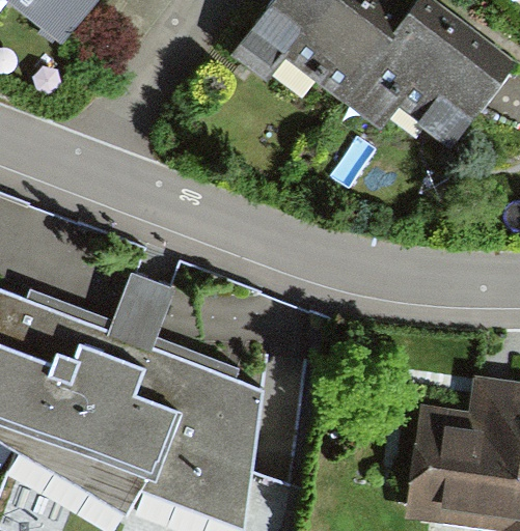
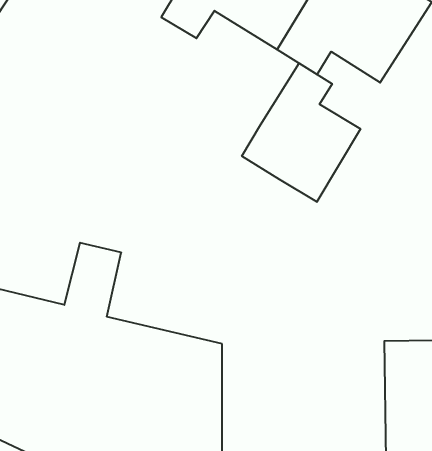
building: none -> [242,63,360,202]

